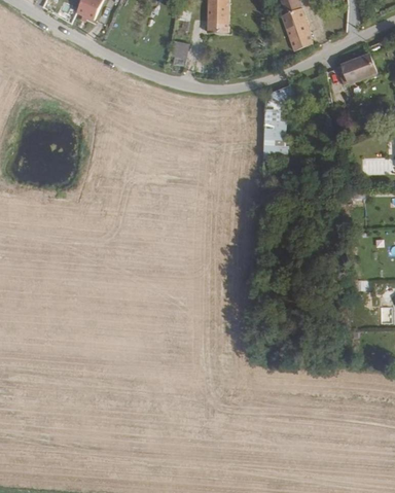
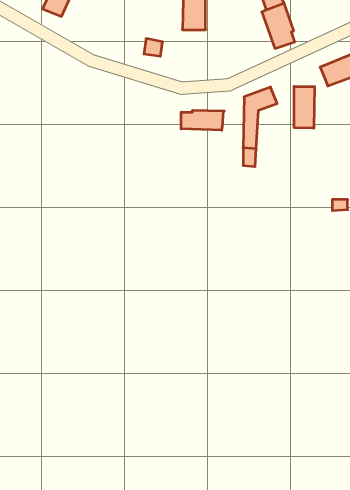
building: none -> [294,86,315,128]
building: none -> [181,110,224,130]

